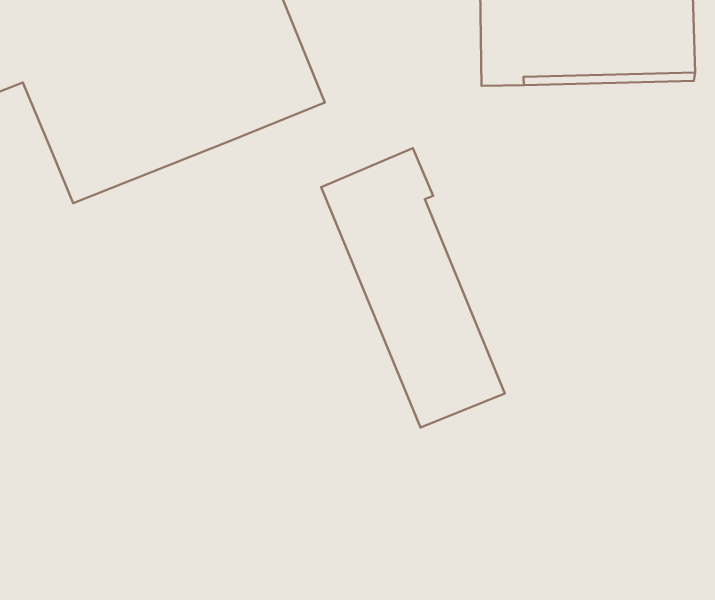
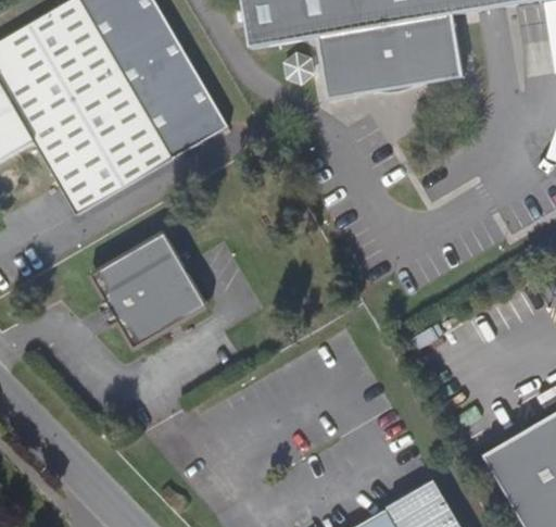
building: [321,148,505,428] -> none
building: none -> [91,233,206,348]

